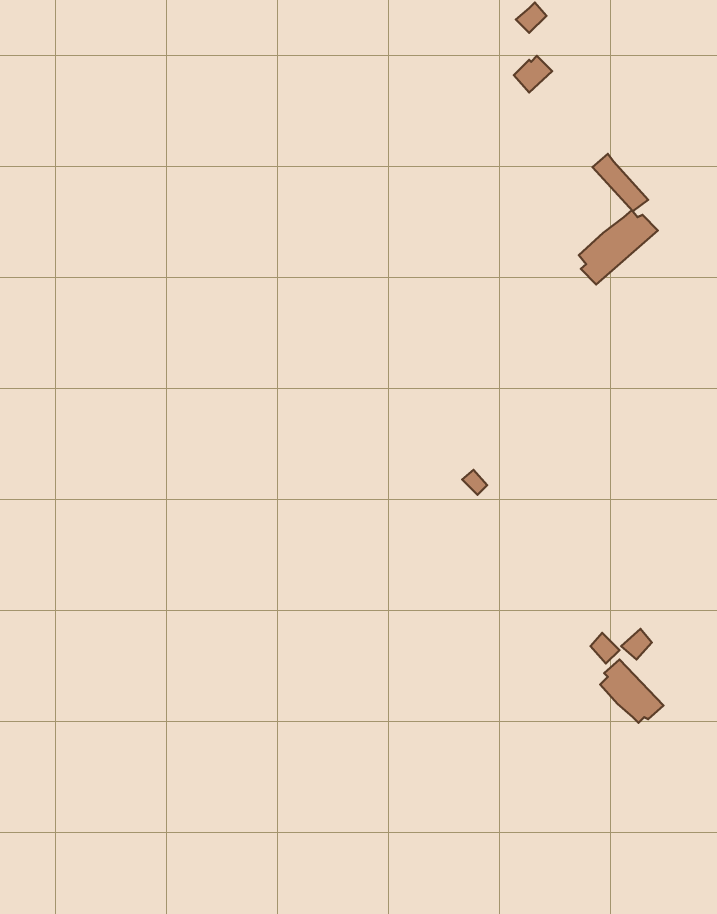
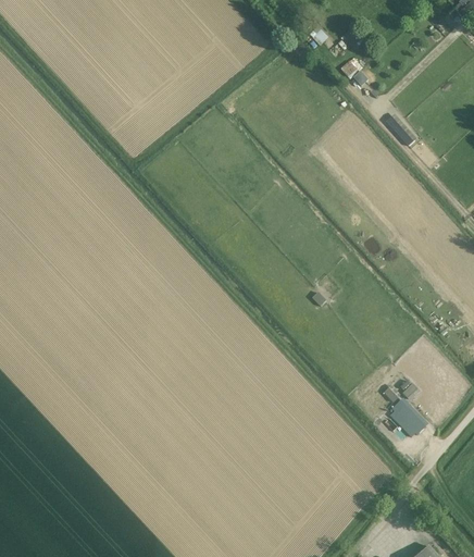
building: [579,210,658,284] -> none

